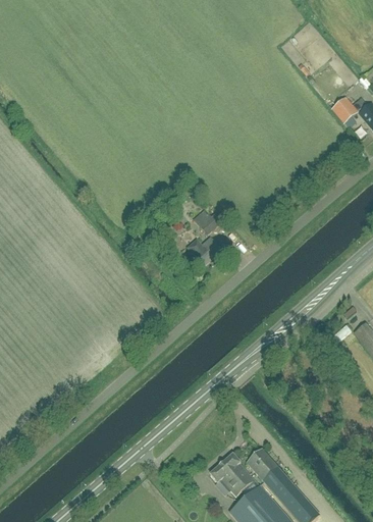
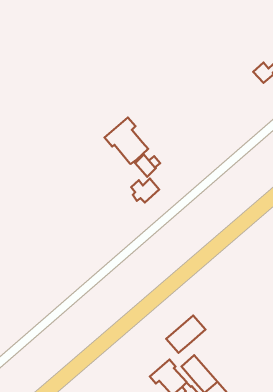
building: none -> [105,117,148,164]
building: none -> [166,315,205,353]

